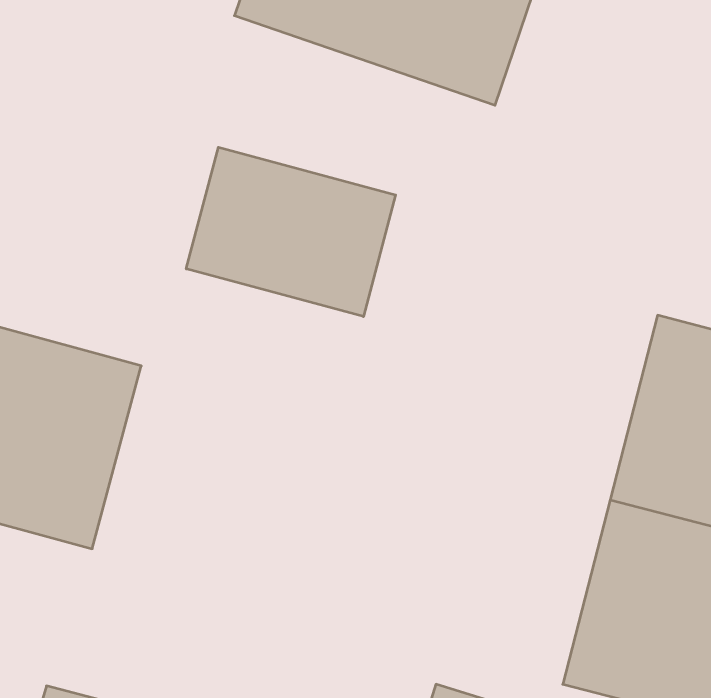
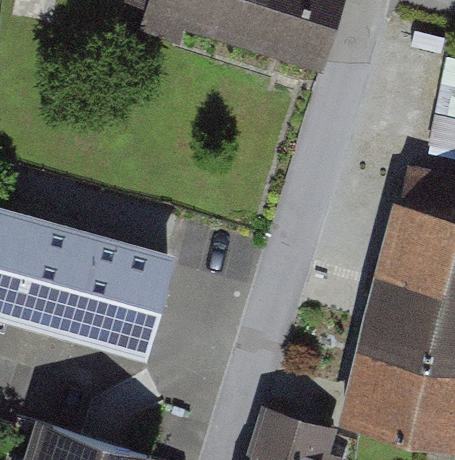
building: [186,147,396,317] -> none
building: none -> [62,228,184,361]

